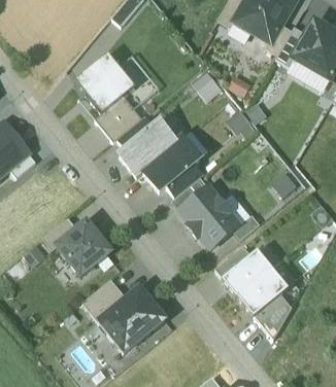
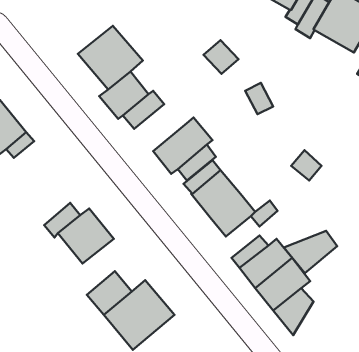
building: [122,124,176,175] -> none
building: none -> [284,231,337,273]

